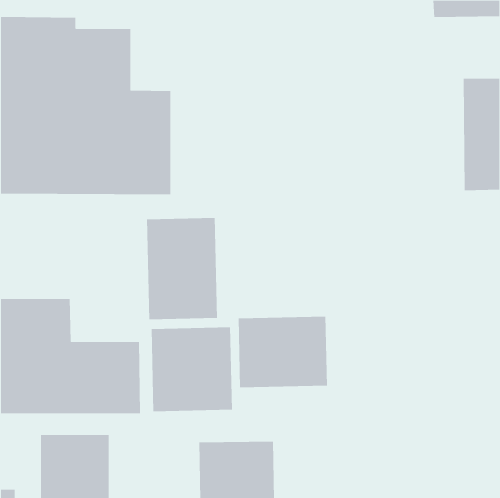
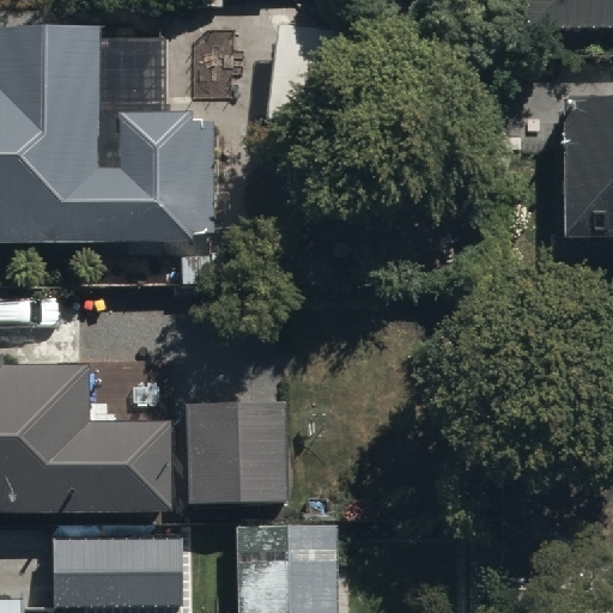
building: [146,217,217,320] -> none
building: [238,316,328,388] -> none

